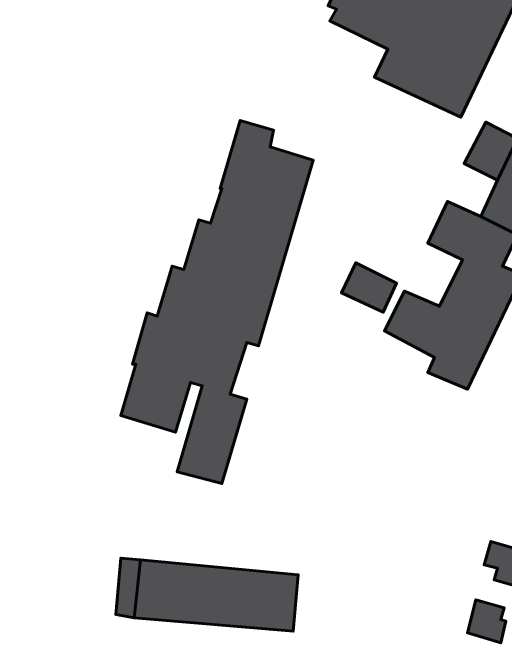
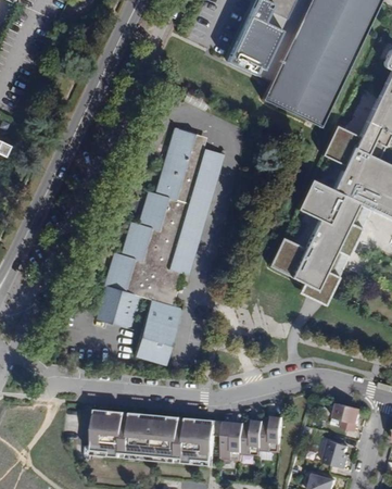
building: [341,263,396,312] -> none
building: none -> [220,415,283,461]

